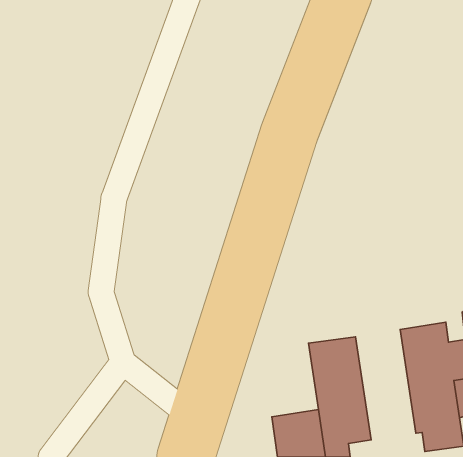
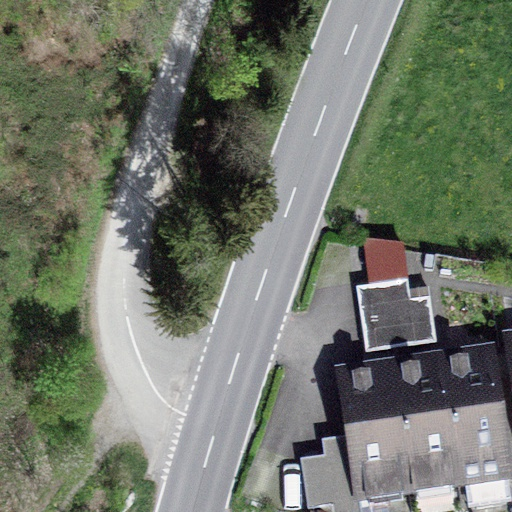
building: none -> [356,279,437,349]
building: none -> [393,362,459,483]

